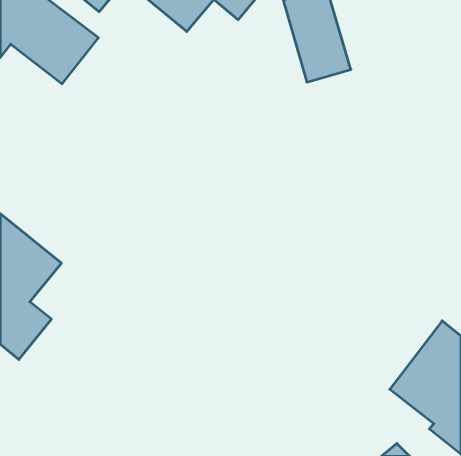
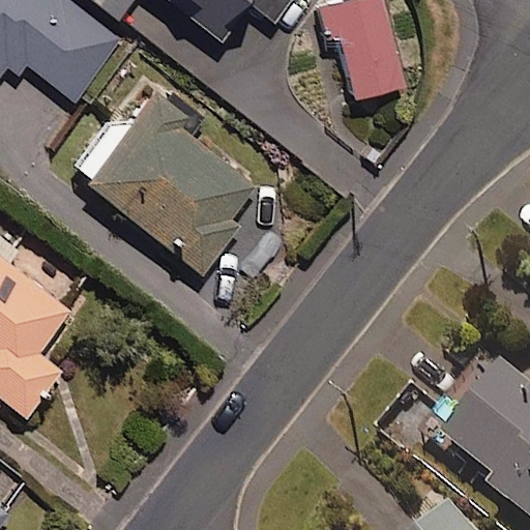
building: none -> [81,88,263,271]

